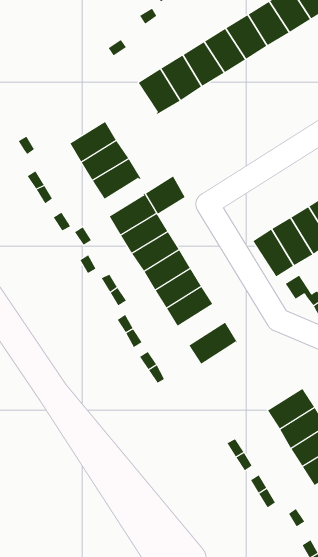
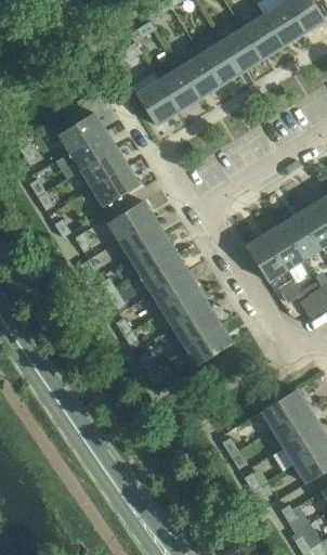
building: none -> [58,111,105,152]
building: [145,175,186,214] -> none
building: none -> [174,307,221,347]

